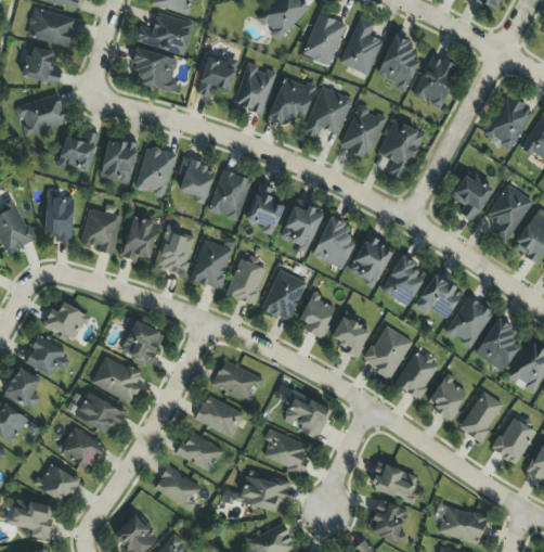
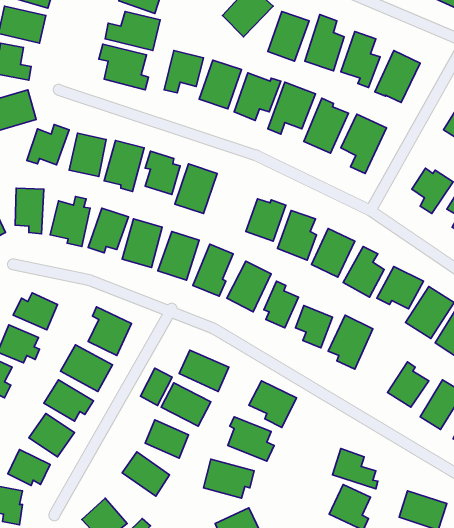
building: [246,182,285,235] -> none
building: [396,348,439,398] -> none
building: none -> [141,368,172,406]

